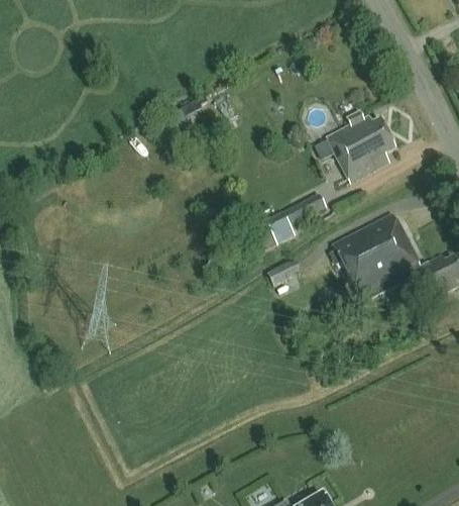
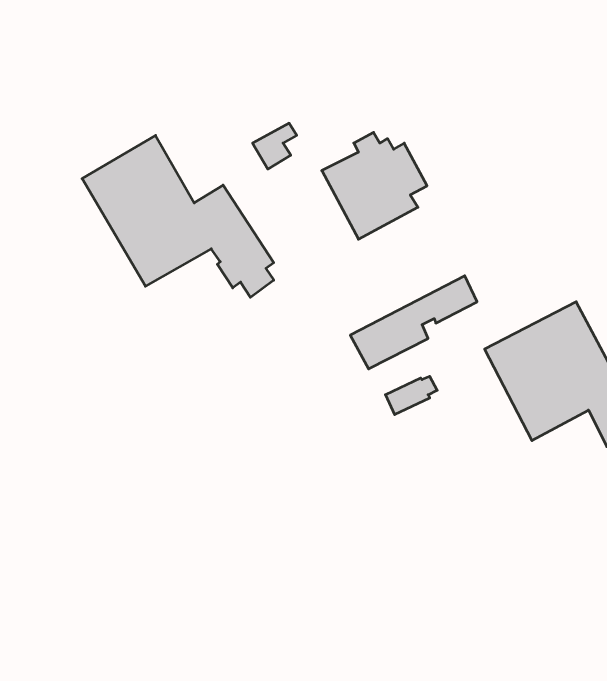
building: none -> [82,135,274,297]
building: [327,112,396,183] -> [322,132,427,239]

